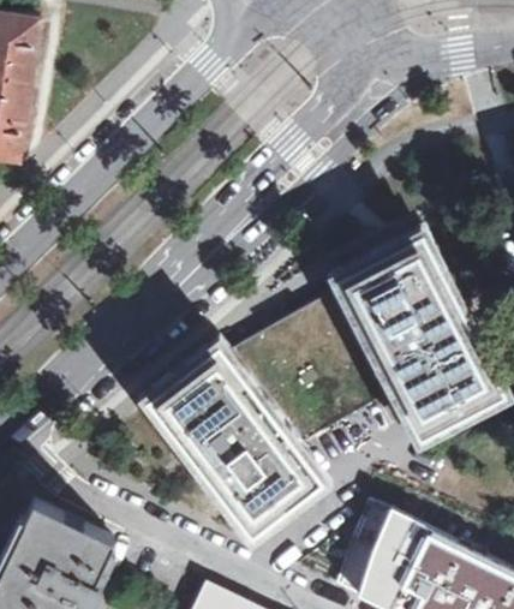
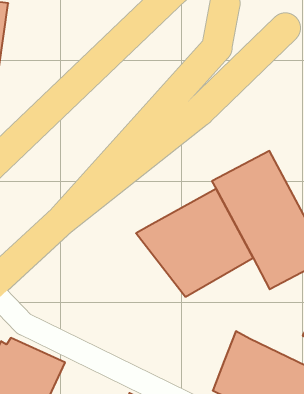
building: [148,348,322,537] -> none

